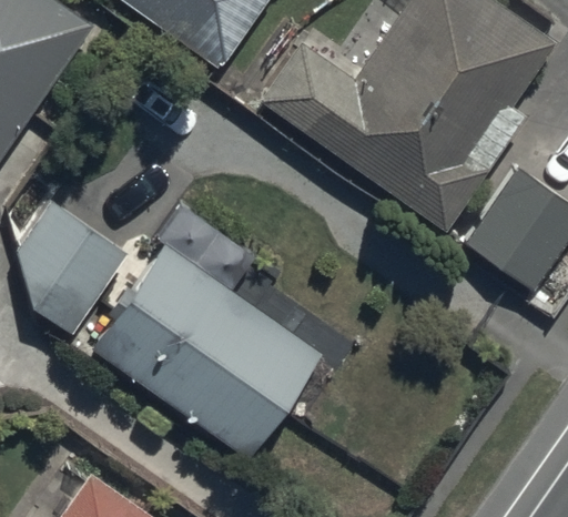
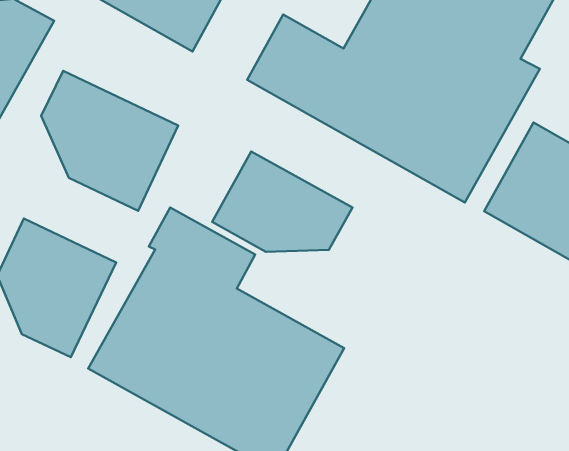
building: none -> [41,71,178,211]
building: none -> [212,152,352,252]

